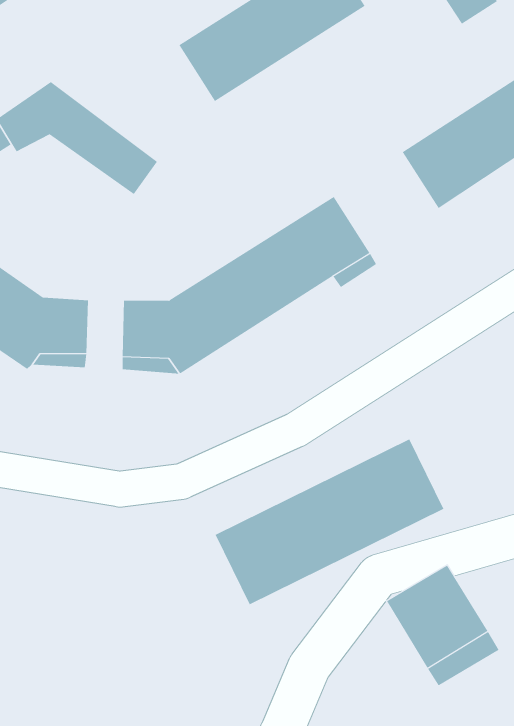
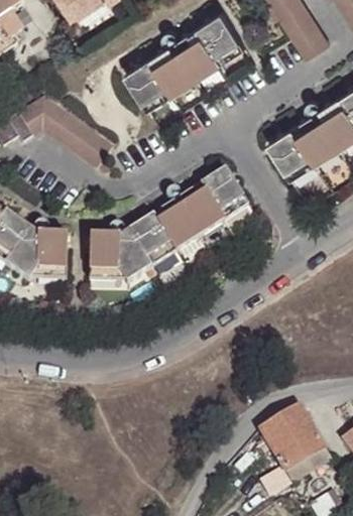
building: [215,438,444,605] -> none

